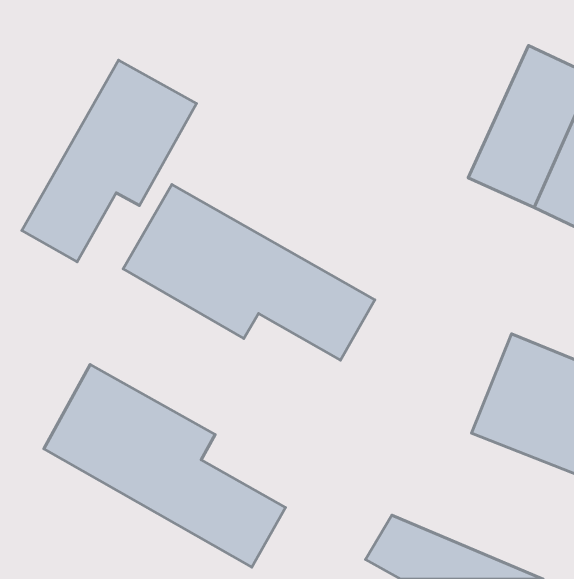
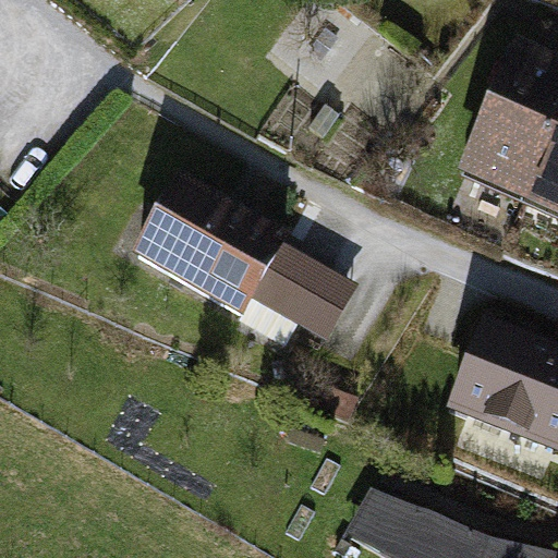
building: [22,60,196,262] -> none
building: [44,365,286,567] -> none

